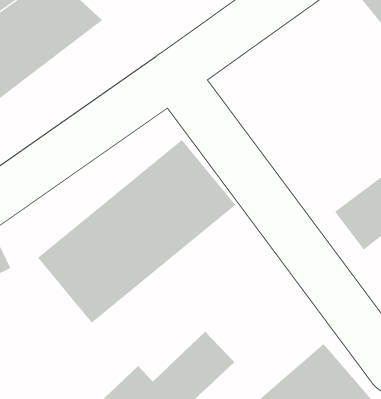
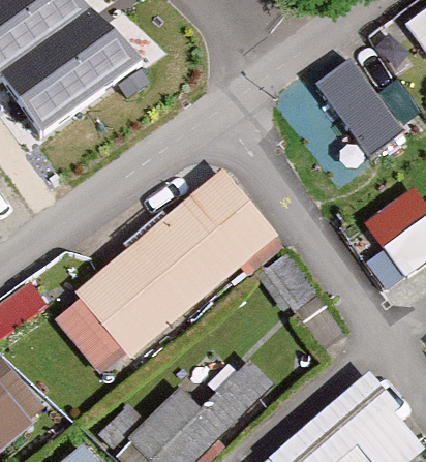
building: none -> [296,60,412,163]

